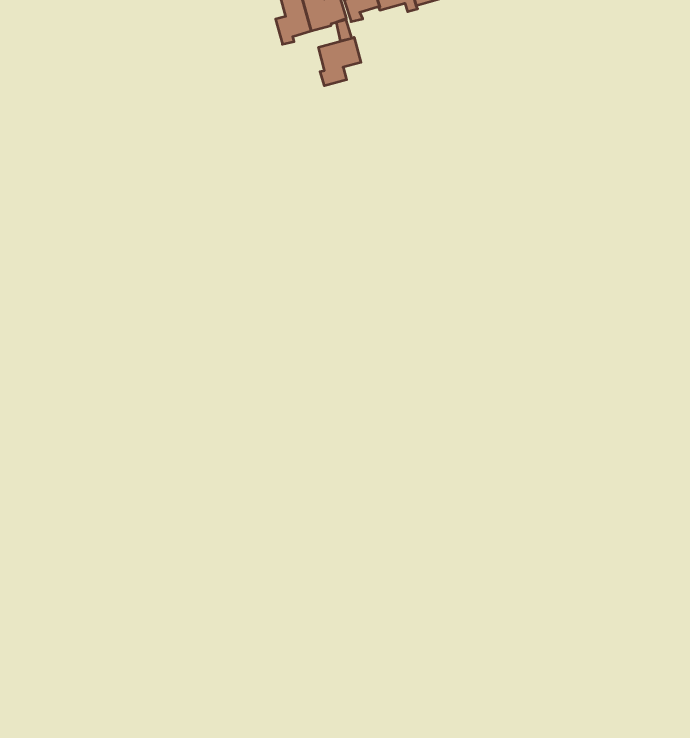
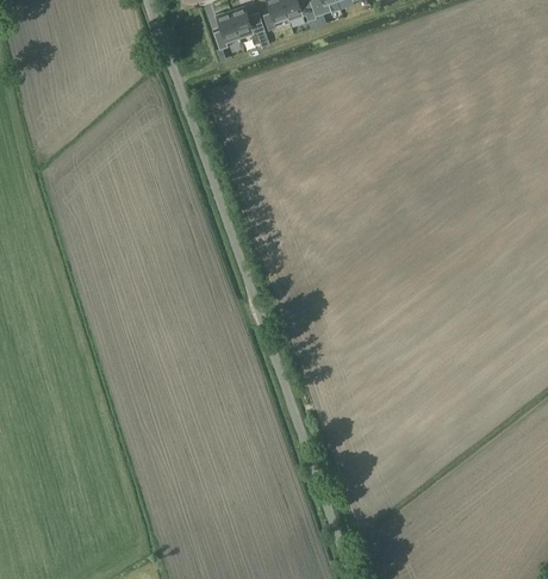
building: [319,37,361,86] -> none

